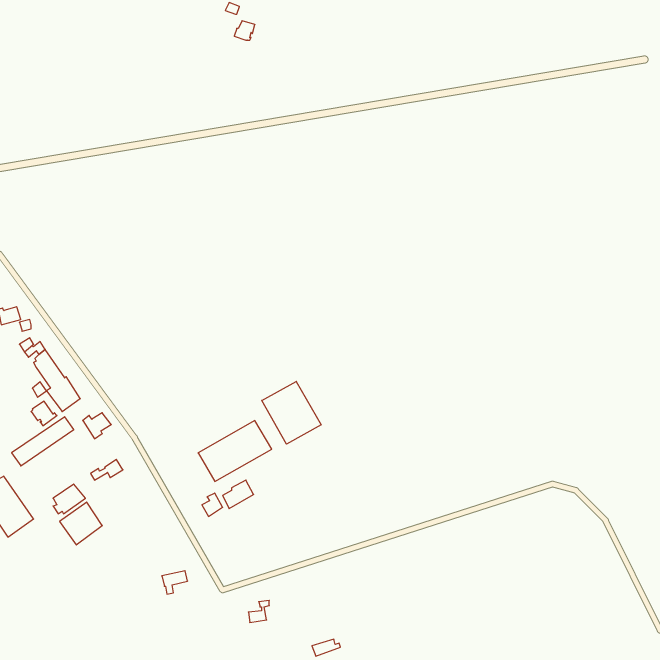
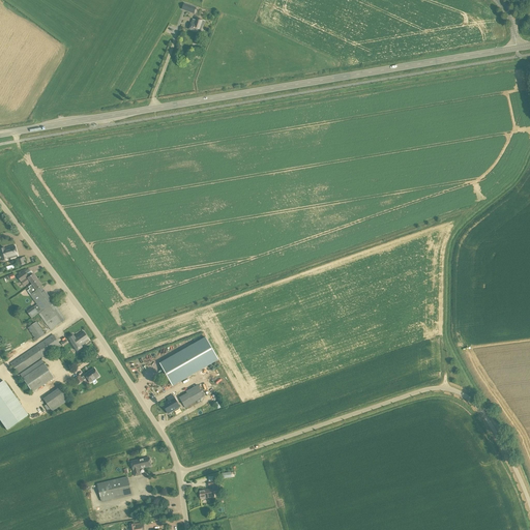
building: [262,381,321,444] -> none
building: [60,502,102,545] -> [19,358,53,392]
building: none -> [96,476,130,501]

